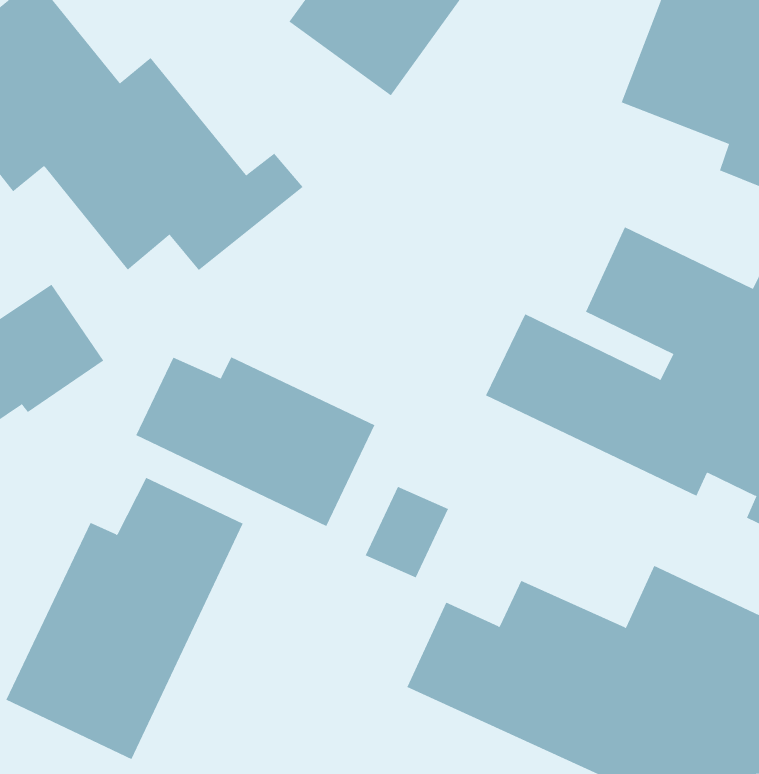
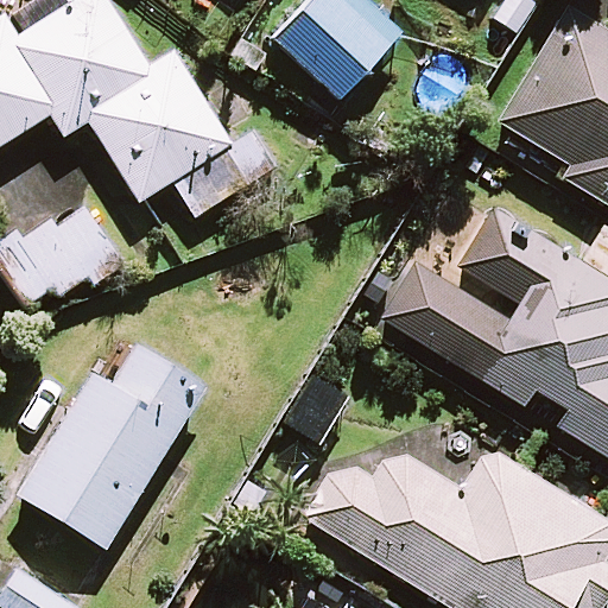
building: [136,357,375,527] -> none

